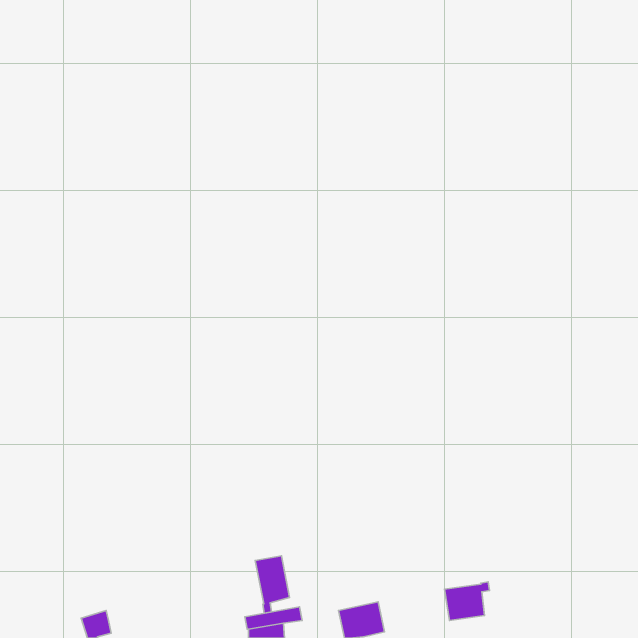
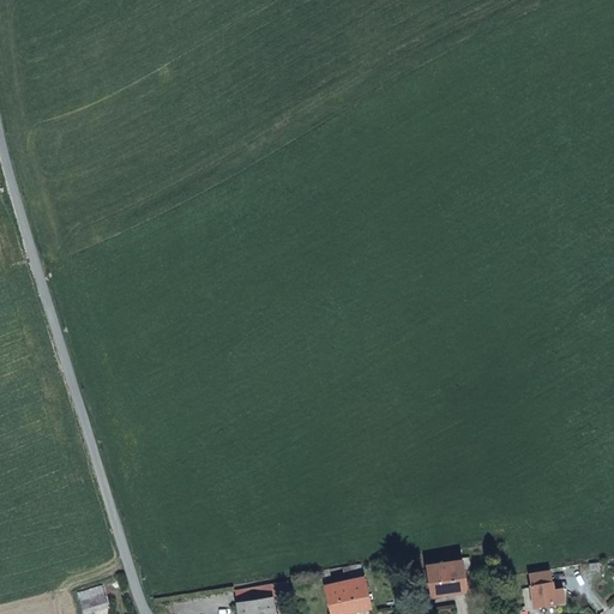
building: [255,556,290,613] -> none
building: none -> [529,572,562,607]

